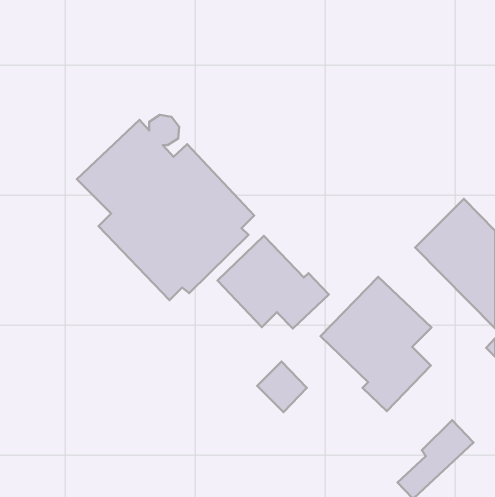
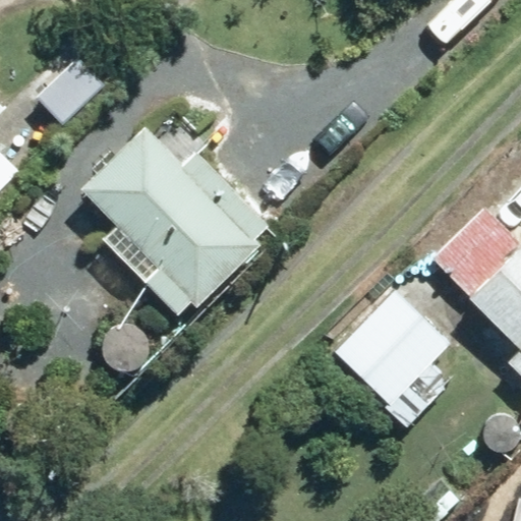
building: [218,236,329,328] -> none

